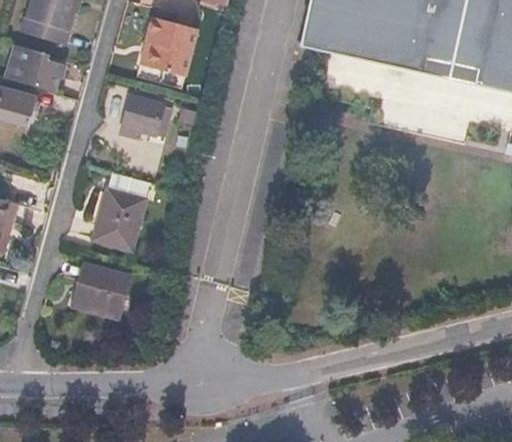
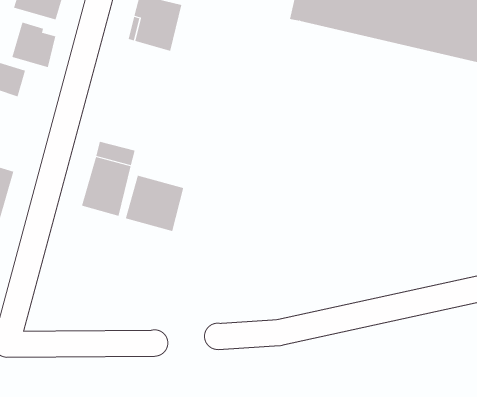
building: [121,97,161,137] -> none
building: none -> [125,175,184,232]
building: [73,267,124,313] -> none

